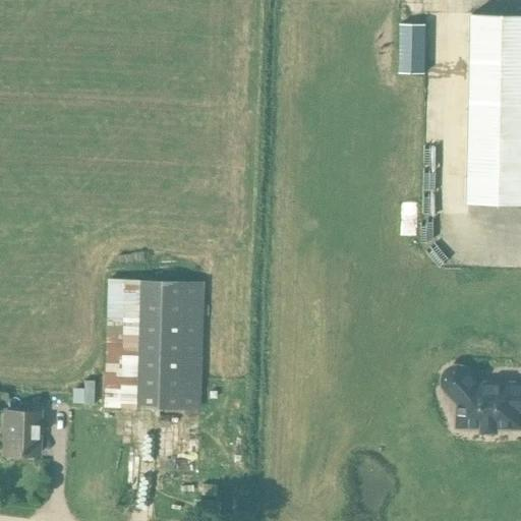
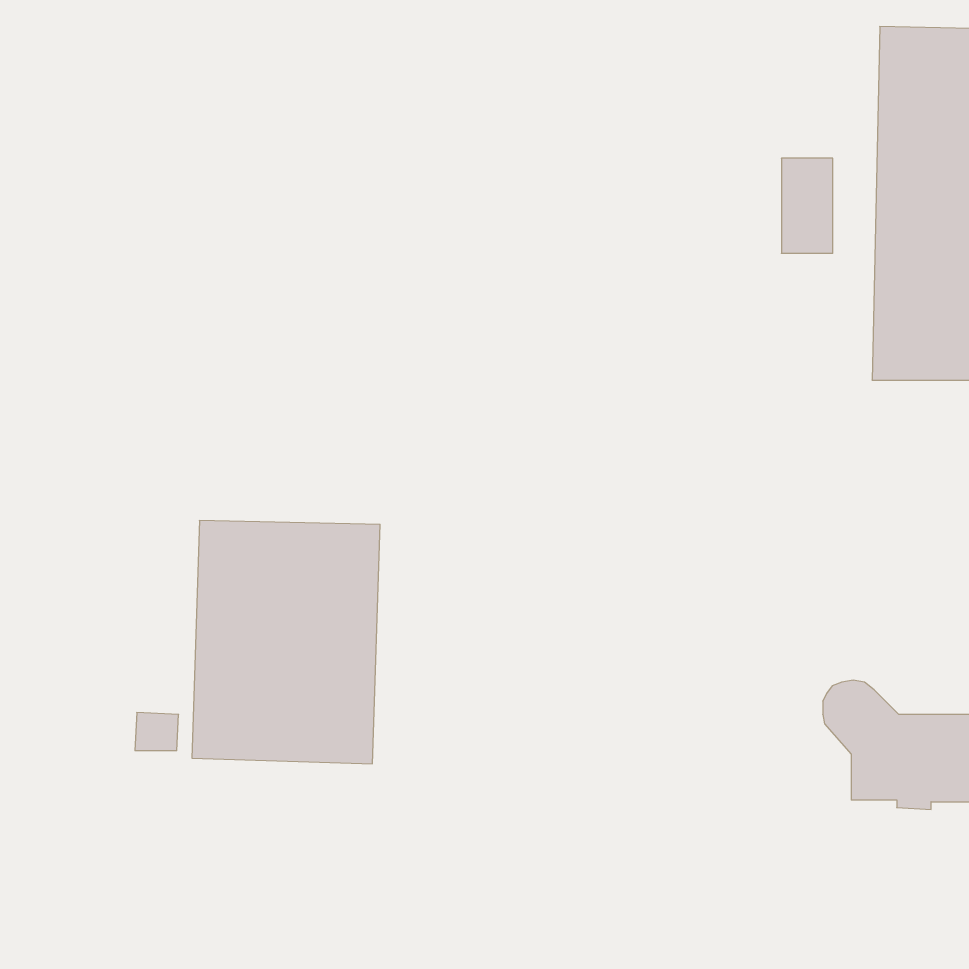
building: [398,23,425,74] -> [781,158,833,253]
building: [6,411,40,455] -> none

